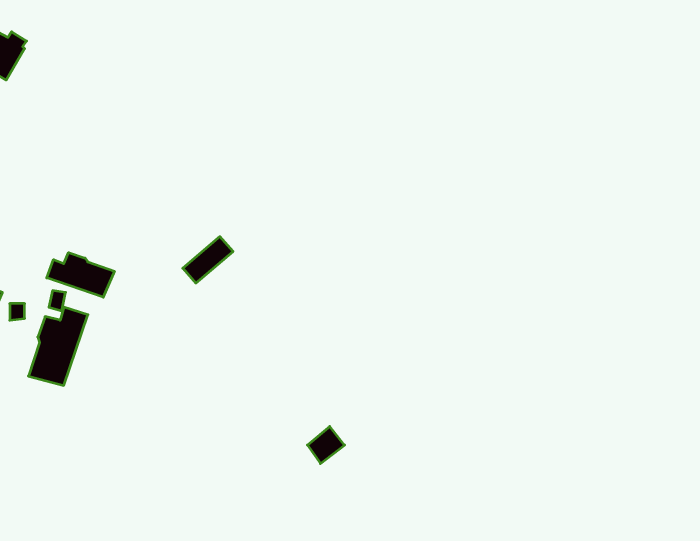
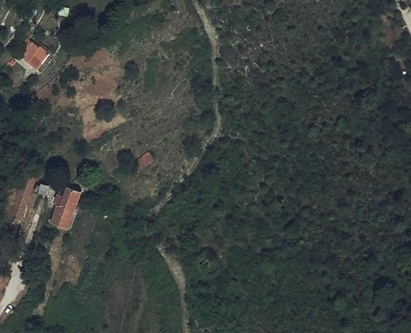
building: [47,253,114,297] -> none

